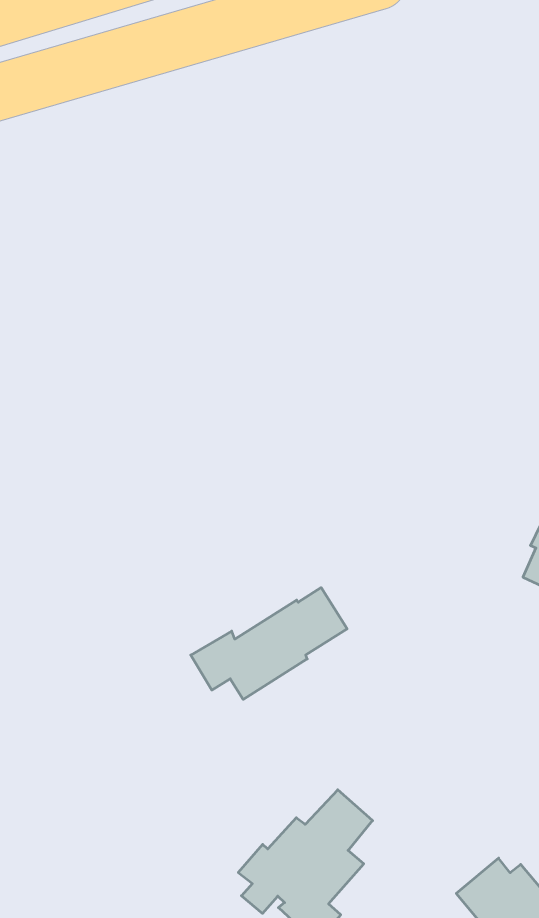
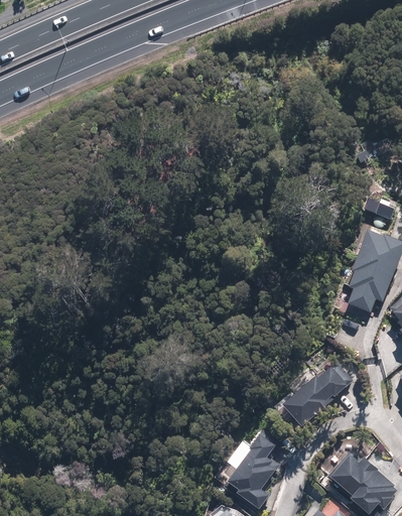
building: [191,588,347,699] -> [272,362,353,425]

